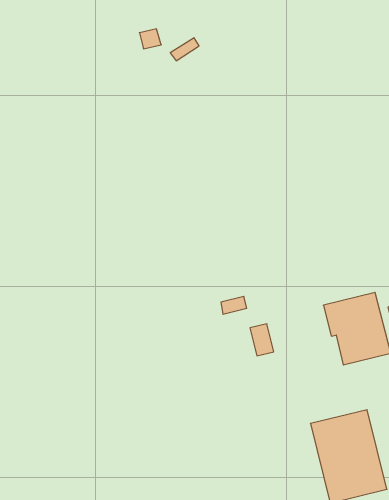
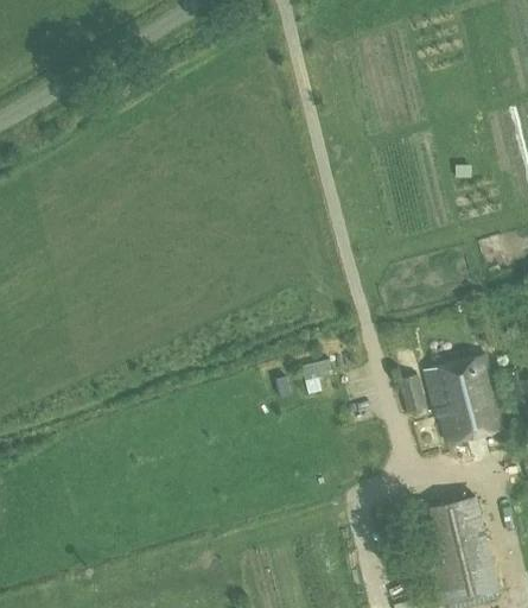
building: [250,324,274,356] -> [399,375,427,413]

